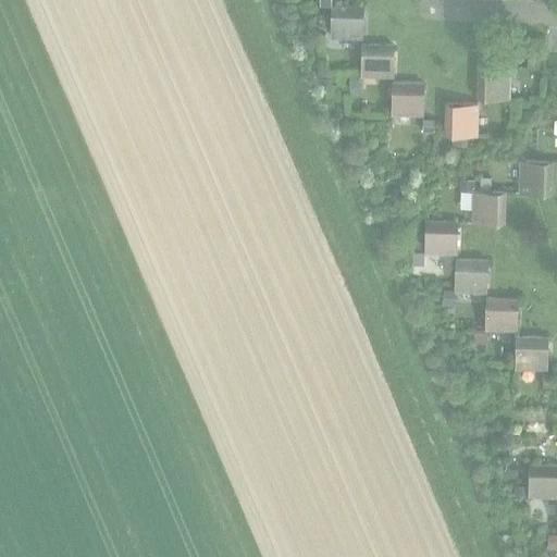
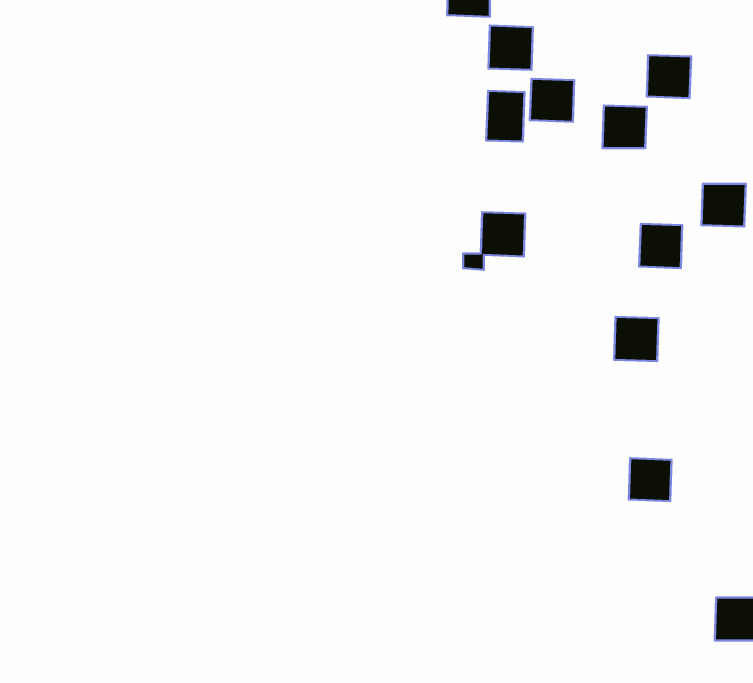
building: none -> [486,91,525,142]
building: [411,221,457,263] -> [463,212,525,270]
building: [485,298,517,330] -> none
building: [516,337,547,369] -> [629,458,672,501]

